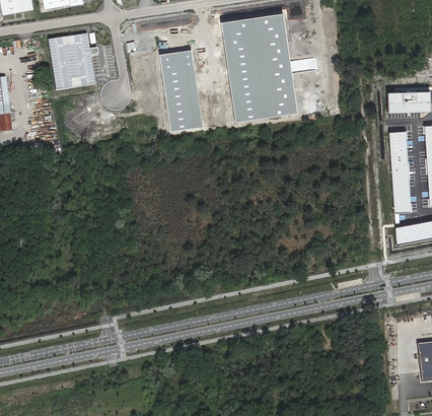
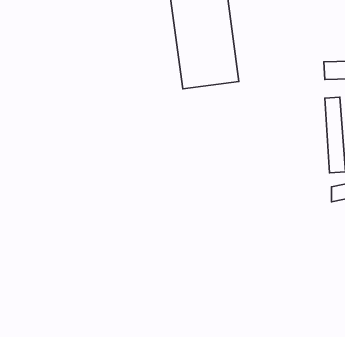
building: [48,31,97,89] -> none
building: [158,49,202,130] -> none

